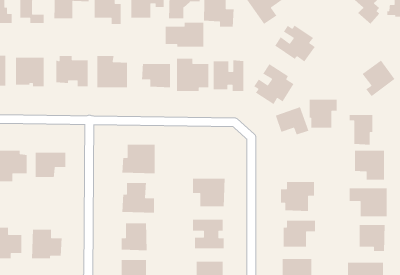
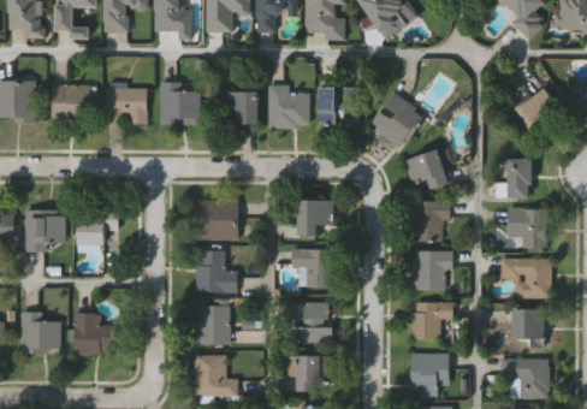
building: [165,22,204,47] -> none
building: [274,25,316,62] -> none
building: [309,99,337,128] -> [413,201,451,241]
building: none -> [297,200,331,236]

